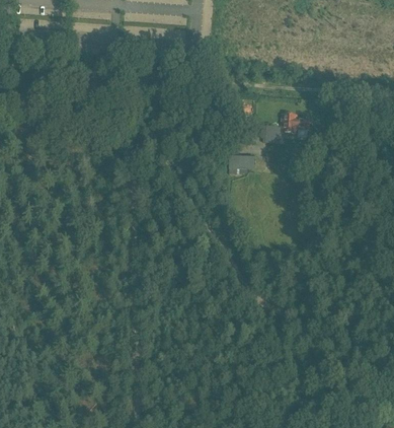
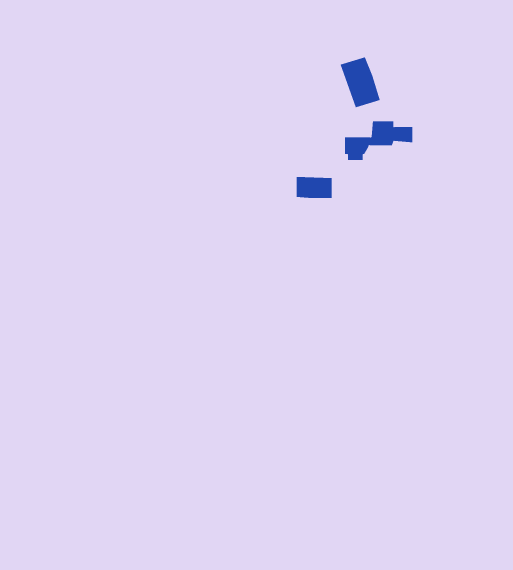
building: none -> [340,57,381,108]

